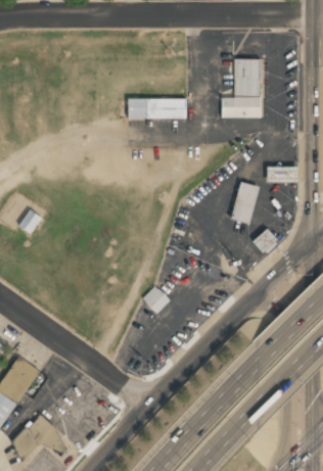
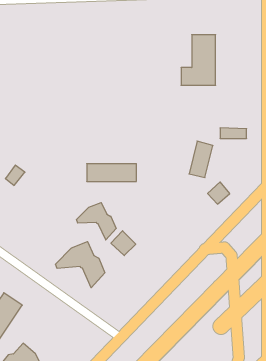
building: [129,97,186,117] -> [87,164,136,181]
building: none -> [76,203,116,240]
building: none -> [56,242,105,288]

